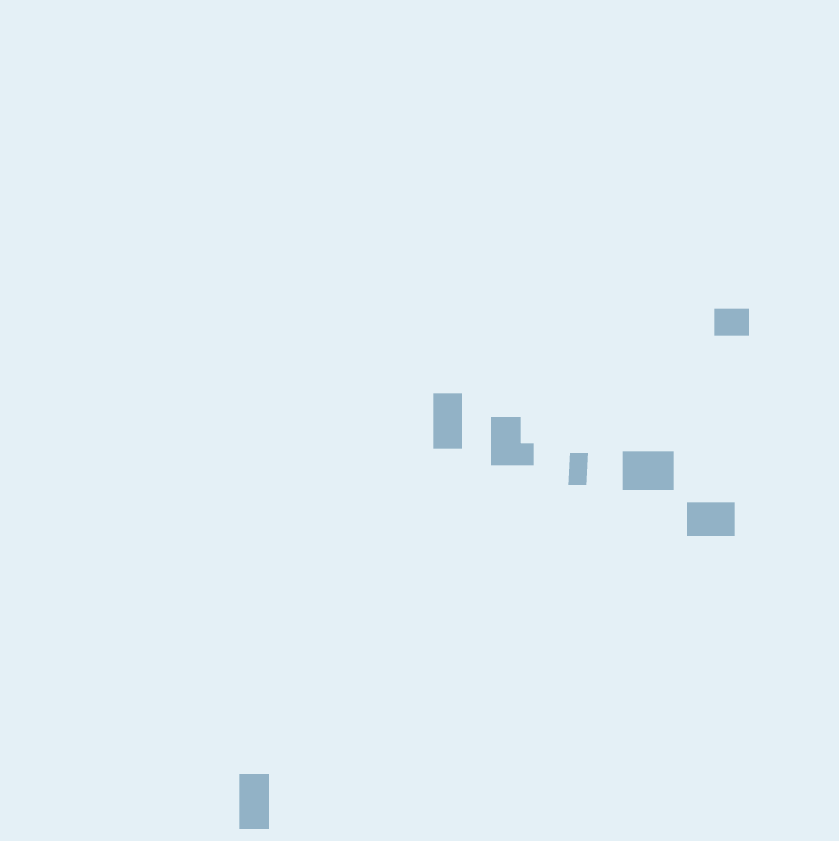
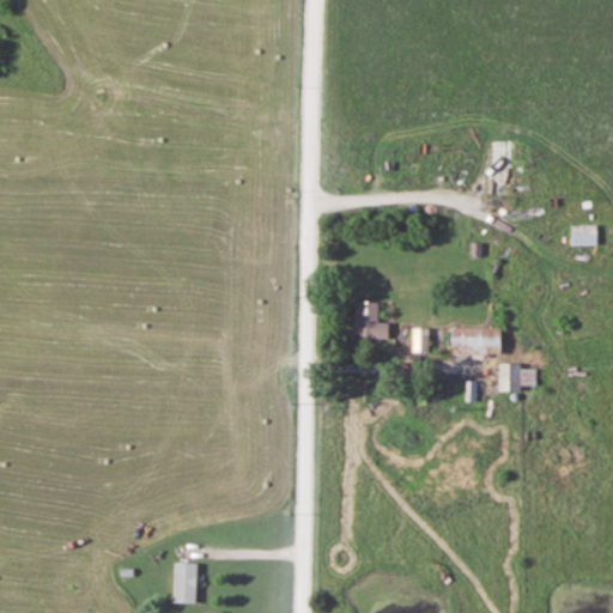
building: [714,308,750,336] -> [571,225,597,245]
building: [433,393,463,450] -> none

